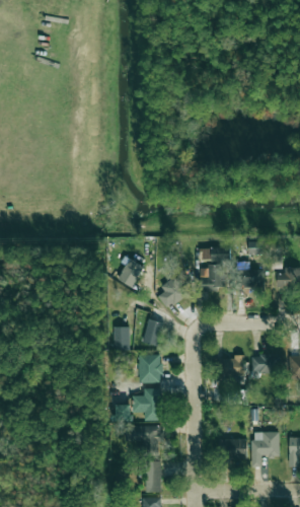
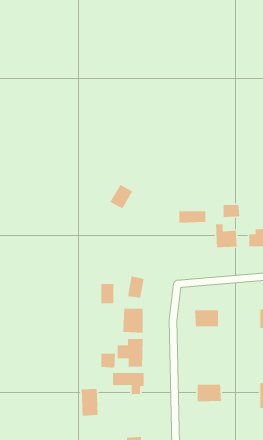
building: [117,259,143,287] -> [109,184,133,209]
building: [201,264,225,290] -> none
building: [155,278,189,308] -> none
building: [251,355,279,373] -> none
building: [251,432,279,466] -> none
building: [142,461,161,493] -> [81,388,98,416]

